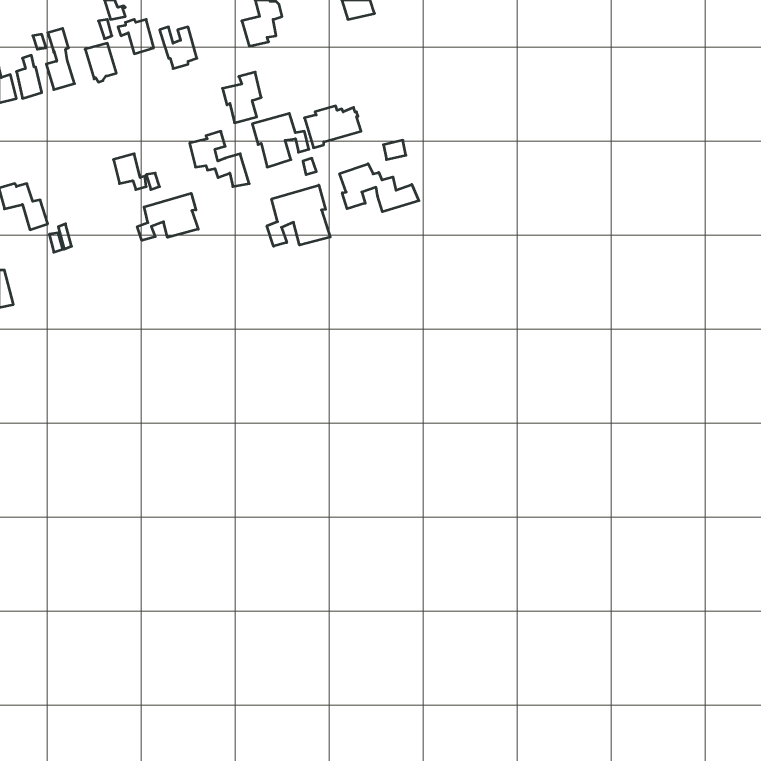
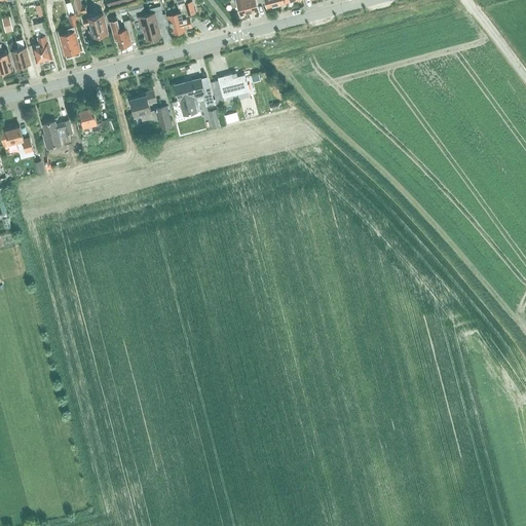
building: [222,72,261,123] -> [137,5,163,40]
building: [340,164,419,212] -> none
building: none -> [42,121,72,149]
building: [267,185,330,246] -> none
building: [137,193,198,240] -> none

